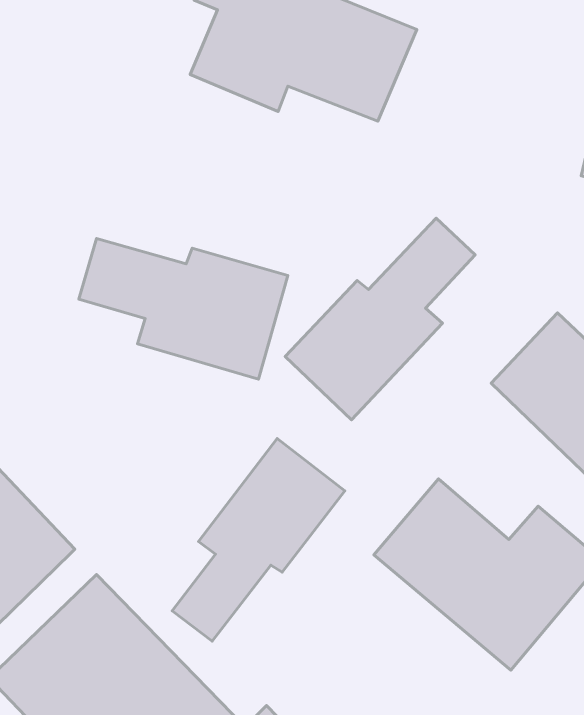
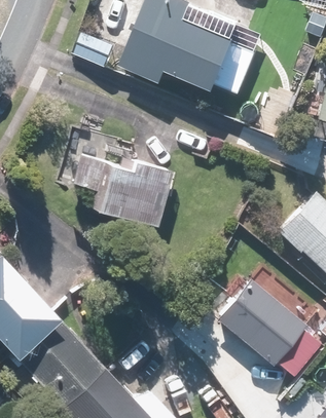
building: [285,218,475,420] -> none
building: [172,439,345,641] -> none

